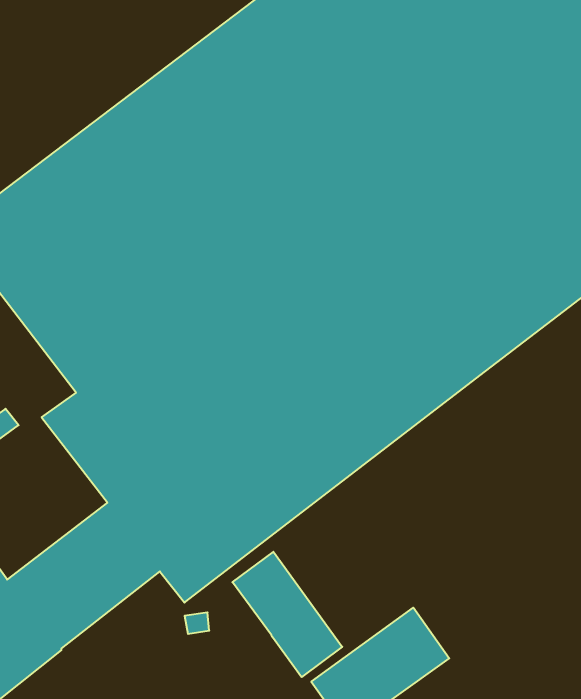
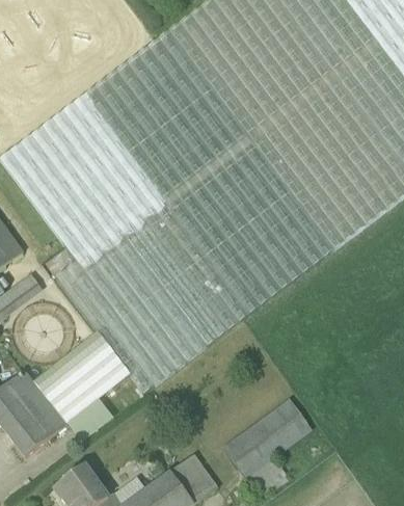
building: [232,552,342,677] -> none

